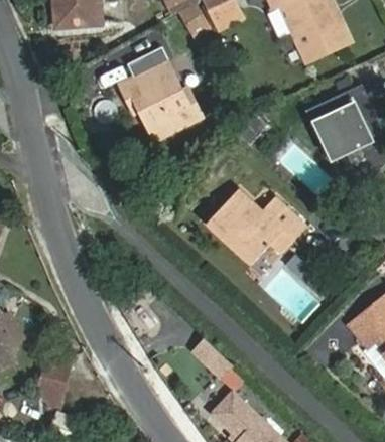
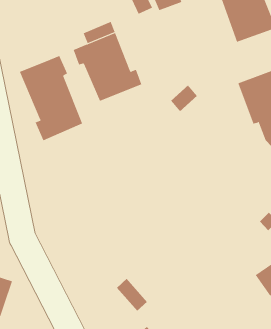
building: none -> [19,55,83,141]
building: [207,188,306,264] -> none

